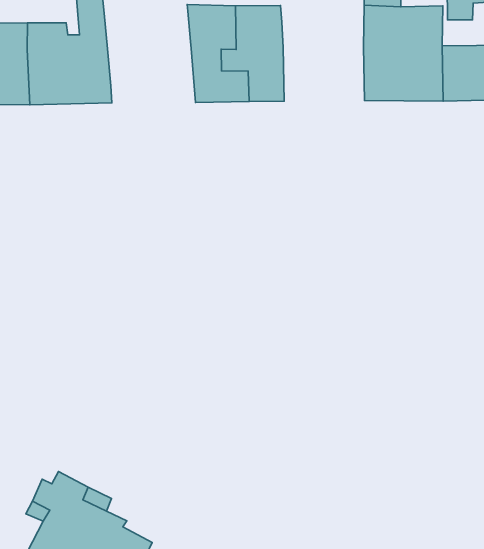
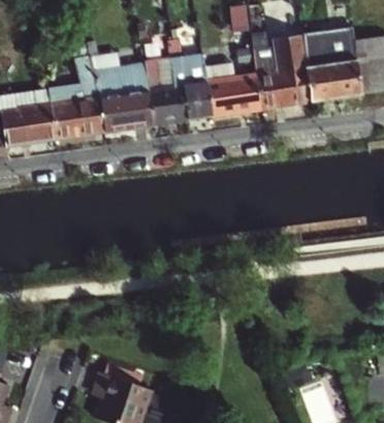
building: none -> [94,68,158,131]
building: none -> [204,63,262,116]

